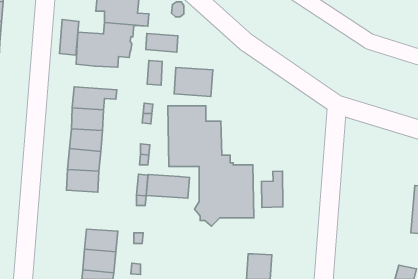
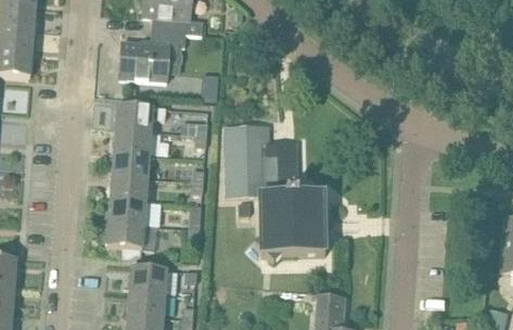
building: [59,20,79,55] -> none
building: [146,34,178,52] -> none
building: [174,67,213,96] -> none
building: [262,171,283,207] -> none
building: [146,175,190,198] -> [106,221,156,249]

